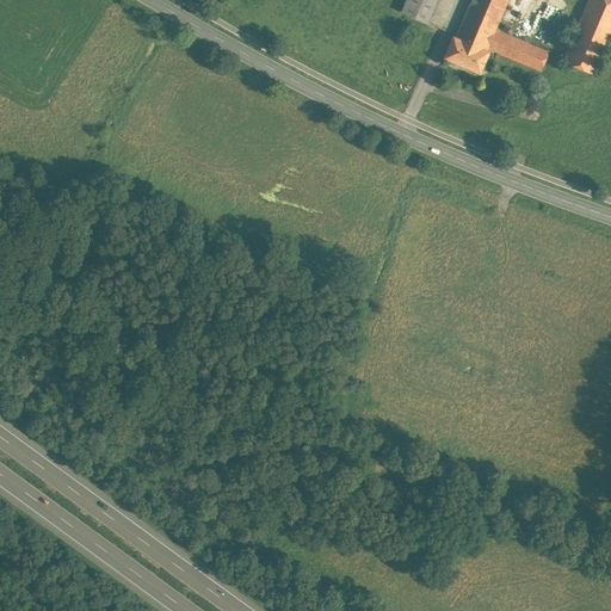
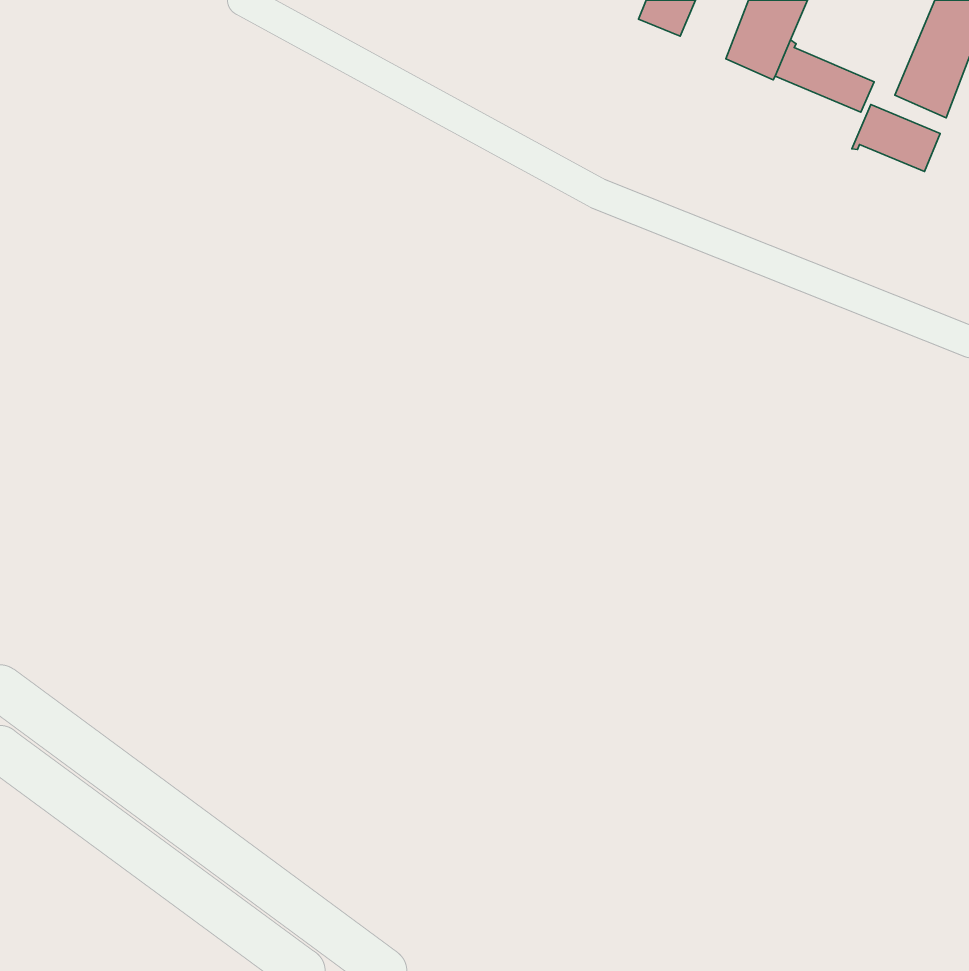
building: [445,36,489,72] -> none
building: none -> [852,104,940,171]

